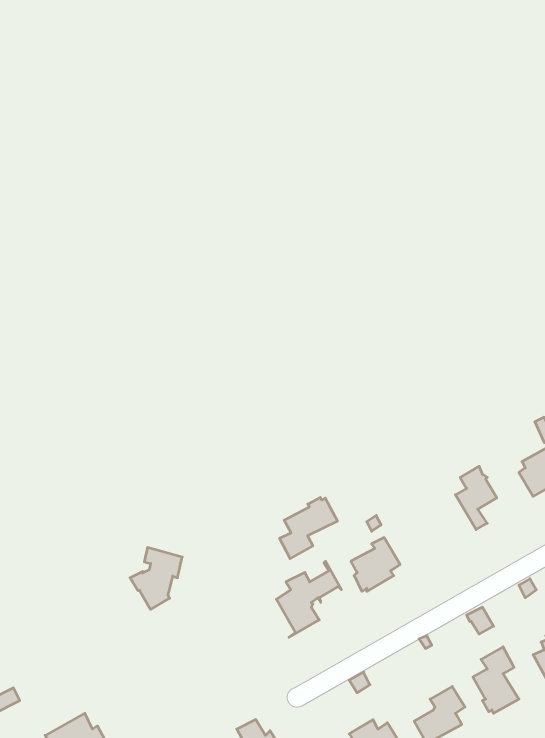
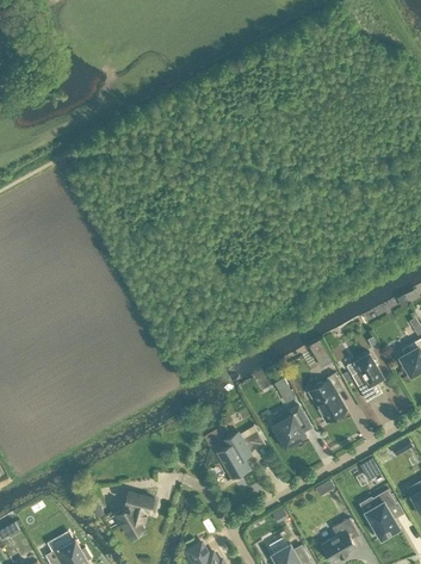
building: none -> [314,373,346,422]
building: [280,497,337,559] -> none
building: [130,548,182,609] -> [113,491,153,538]

